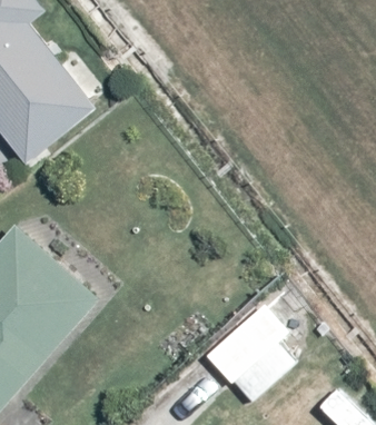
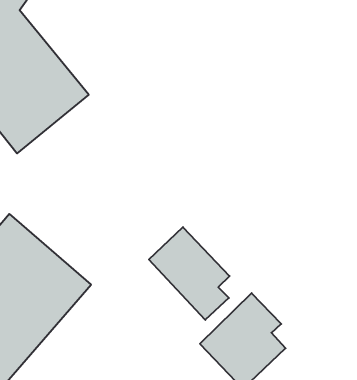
building: none -> [149,227,230,320]

